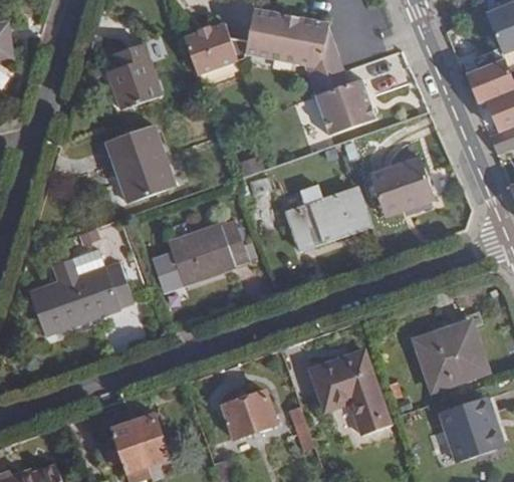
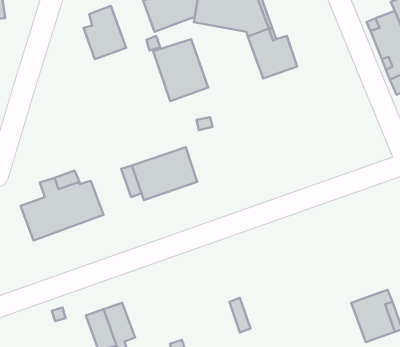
building: [106,126,175,203] -> [153,39,208,101]
building: [370,158,434,215] -> none
building: [285,187,369,249] -> none
building: [416,320,488,390] -> none
building: [312,349,389,430] -> none
building: [224,391,277,437] -> none

